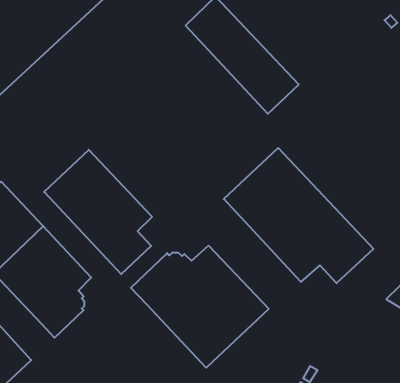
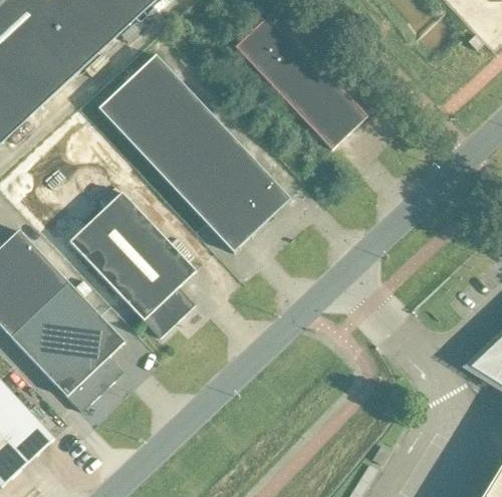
building: none -> [98,53,290,251]
building: [224,148,373,283] -> none
building: [131,246,269,368] -> none

